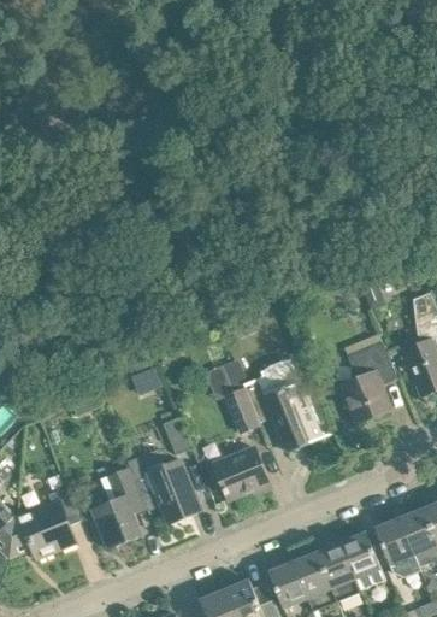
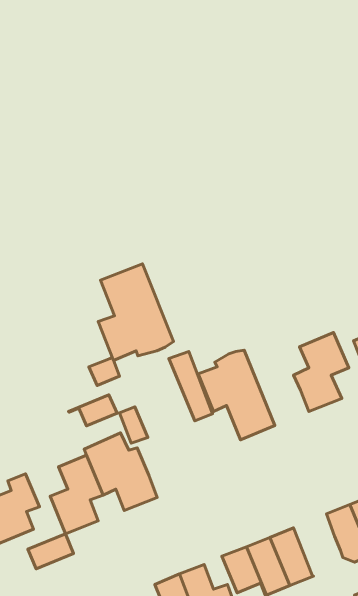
building: none -> [98,264,174,360]
building: none -> [68,395,117,426]
building: [214,446,267,498] -> none
building: [342,530,386,589] -> none
building: none -> [28,534,74,569]

